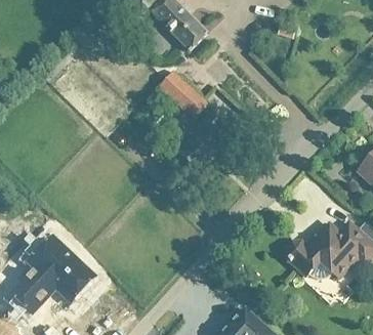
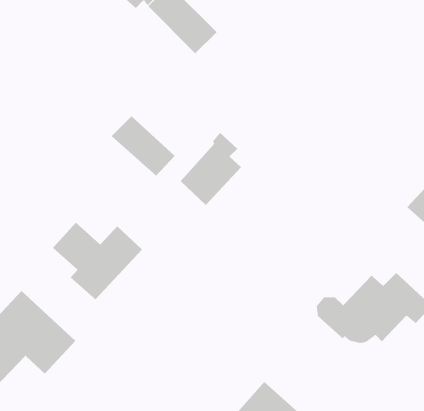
building: [159,72,210,120] -> [111,115,175,176]
building: none -> [52,222,143,300]

